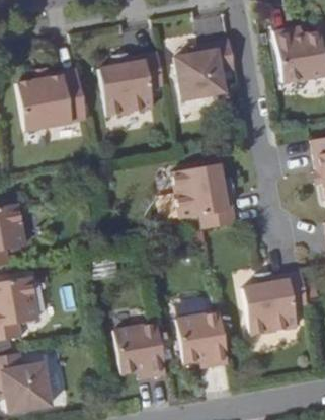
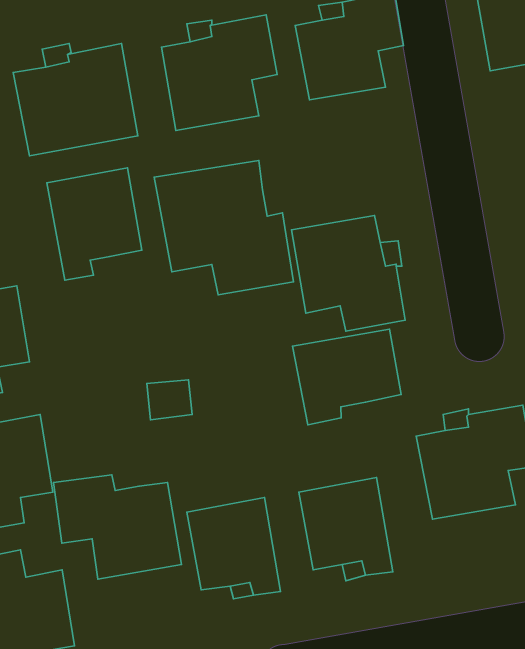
building: none -> [154,161,293,295]
building: none -> [47,168,142,280]
building: none -> [292,329,401,425]
building: none -> [53,475,182,579]

